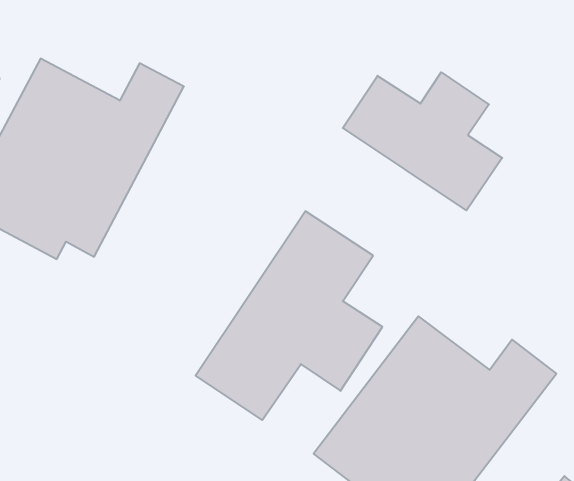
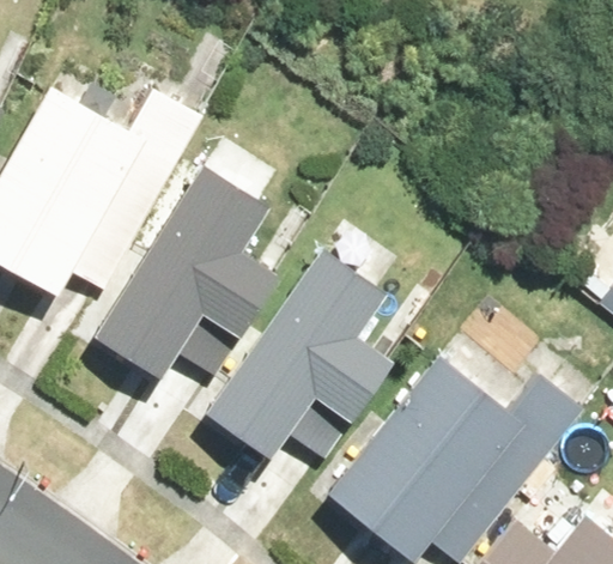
building: [343,72,502,210] -> none
building: none -> [95,162,286,381]

